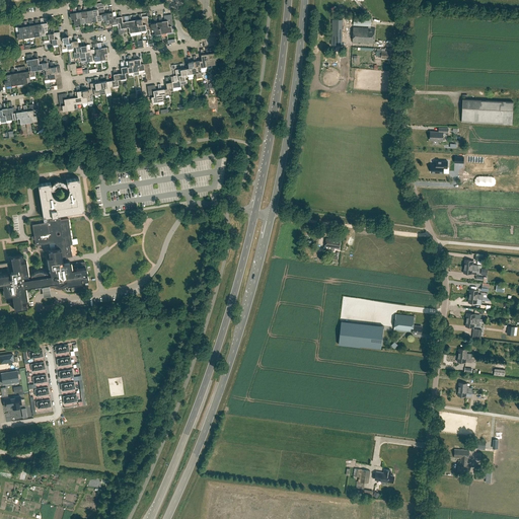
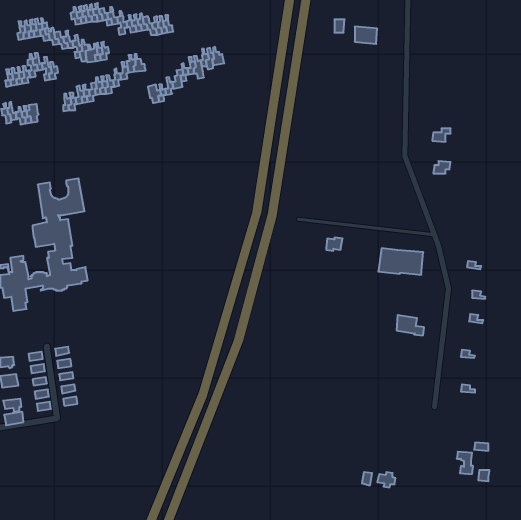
building: [461,100,513,126] -> none
building: [339,322,383,349] -> [378,248,423,275]

